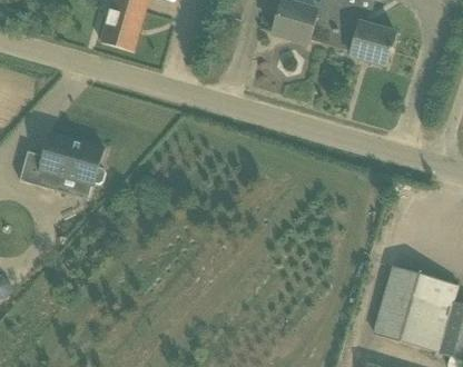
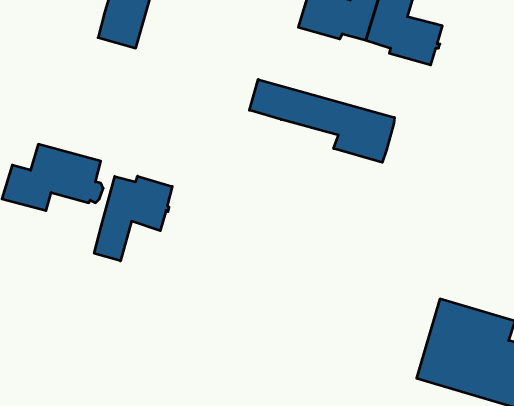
building: none -> [249,79,394,162]
building: none -> [94,176,172,261]

